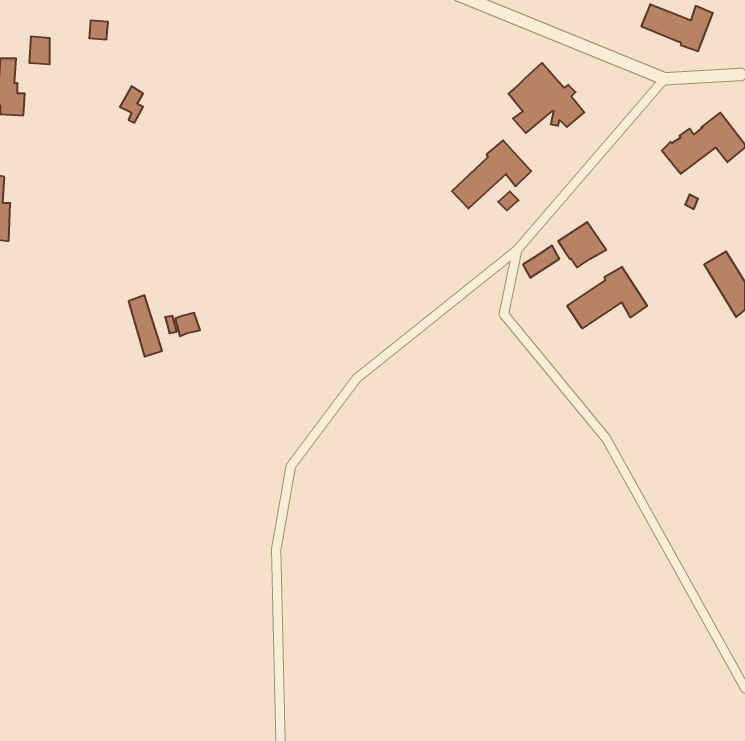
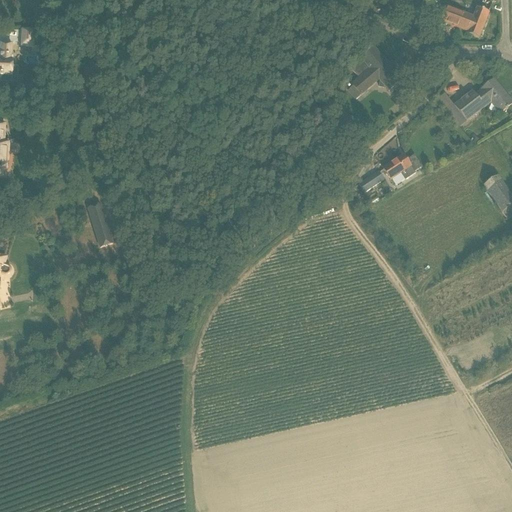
building: [452,140,531,209] -> none
building: [567,267,647,328] -> none

